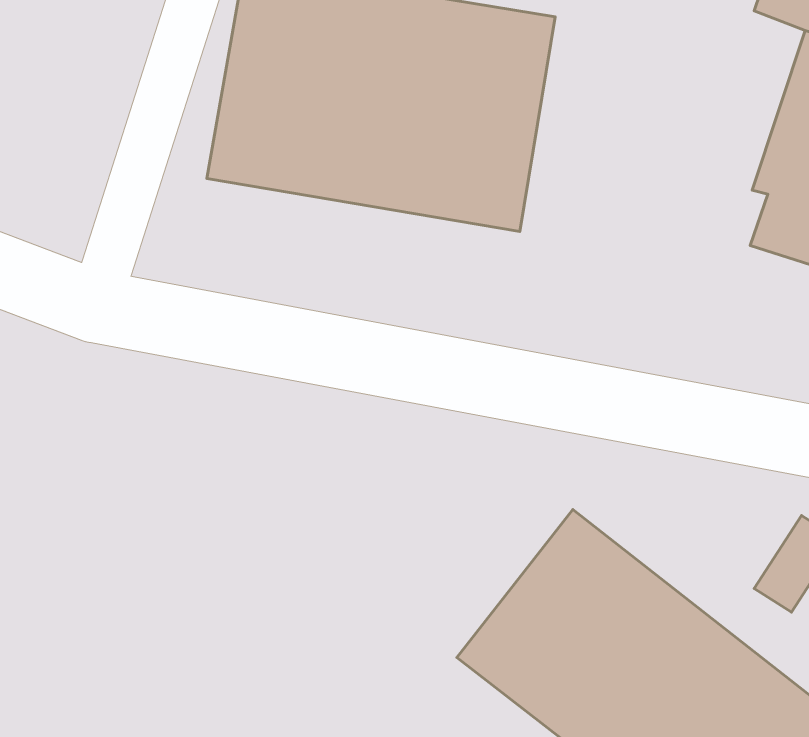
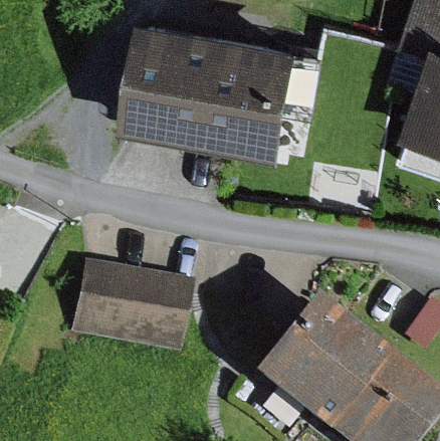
building: none -> [72,263,192,351]

